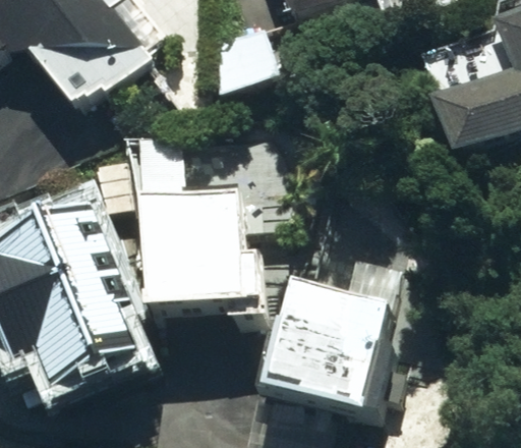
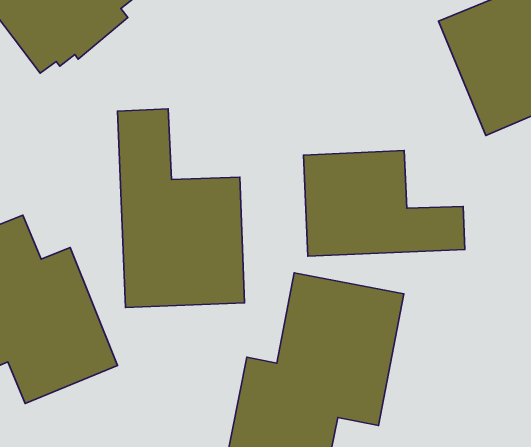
building: none -> [304,151,465,256]

